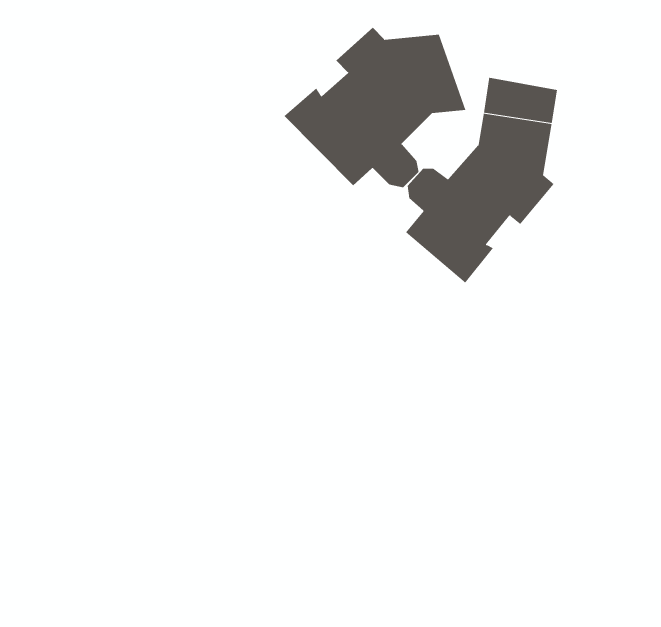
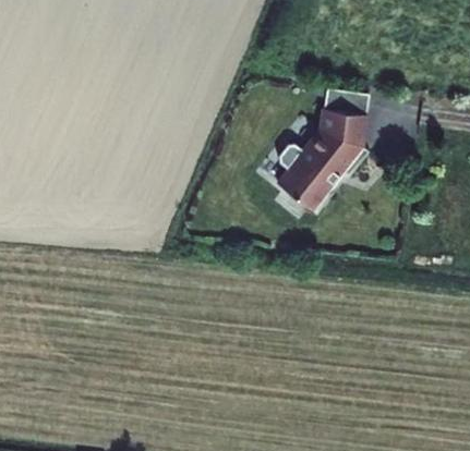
building: [283,27,466,188] -> none

